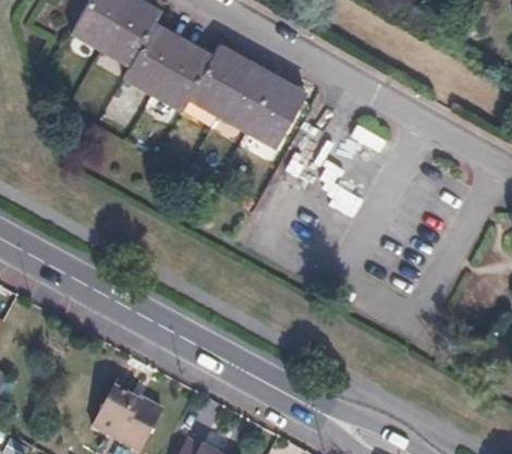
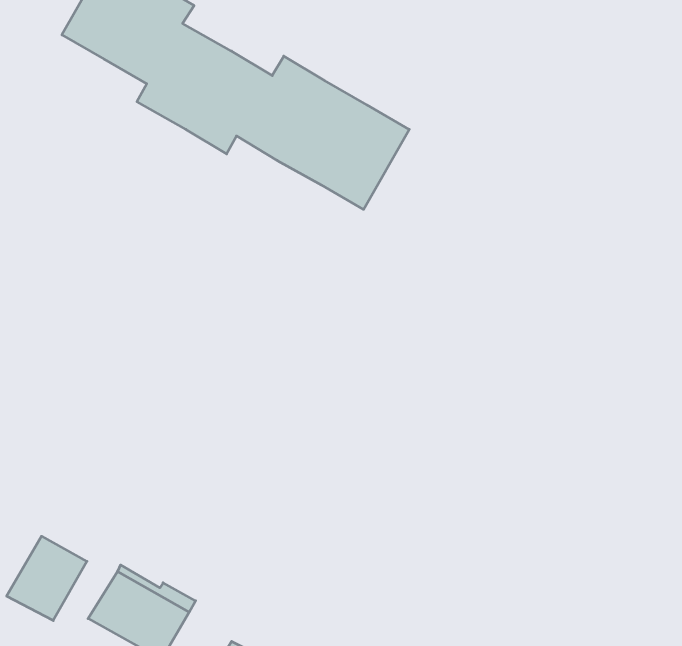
building: none -> [7,536,87,621]

